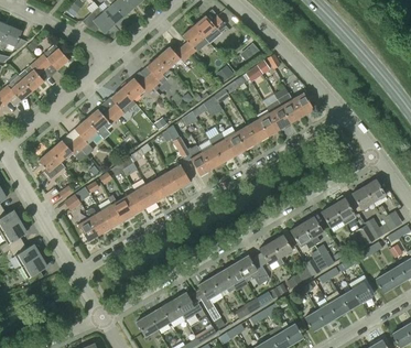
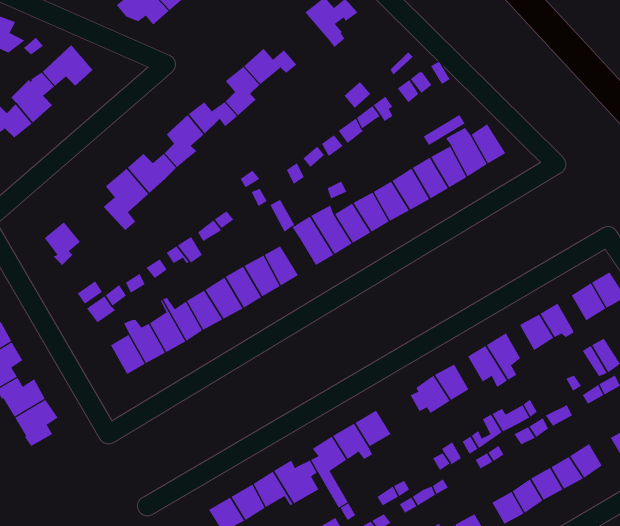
building: [182,25,208,56] -> none
building: [51,140,87,162] -> none
building: [237,253,269,284] -> none

